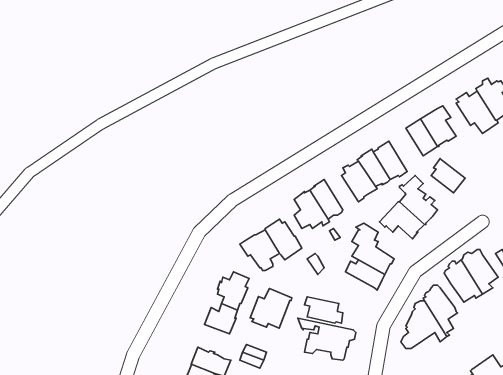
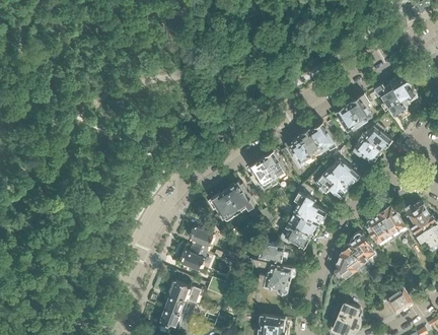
building: none -> [362,125,390,152]
building: none -> [279,223,310,249]
building: [250,289,292,328] -> none

